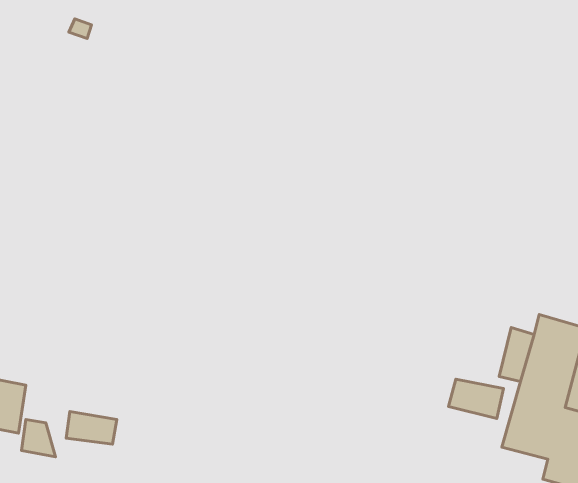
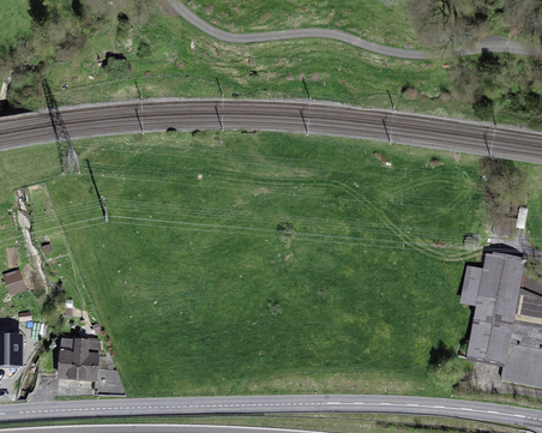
building: [449,379,503,418] -> none
building: [66,411,117,444] -> none

